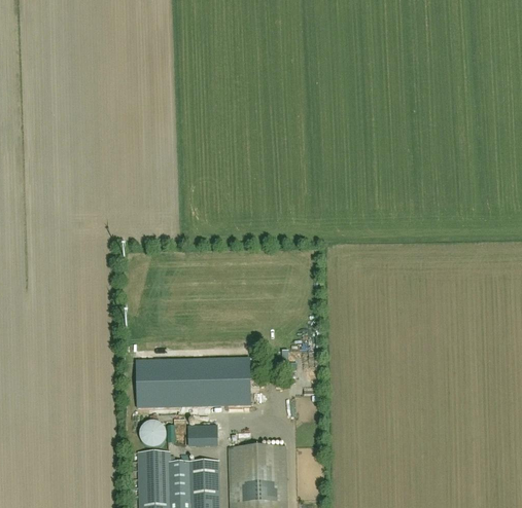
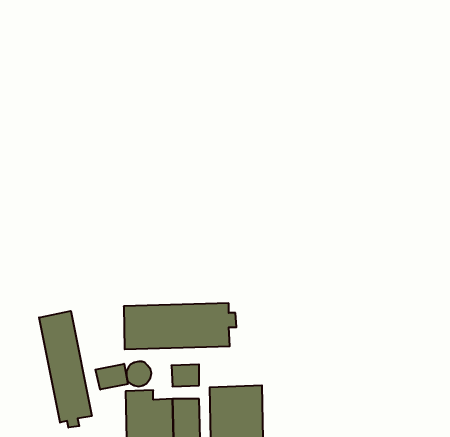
building: none -> [39,311,92,428]
building: none -> [95,364,128,390]

